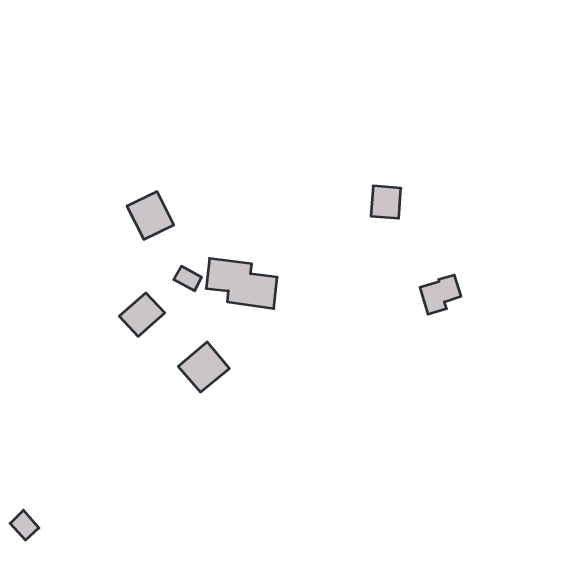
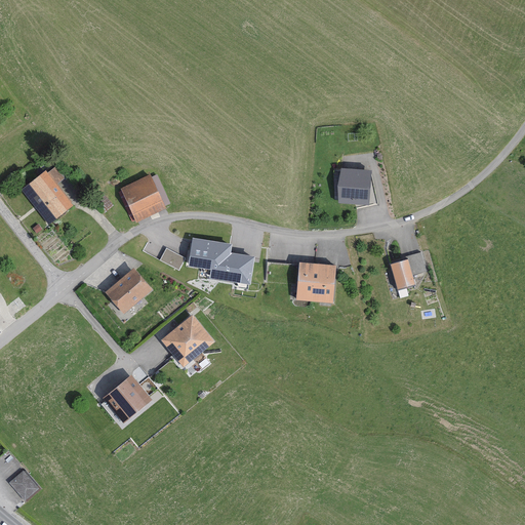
building: none -> [30,173,70,215]
building: none -> [293,264,333,304]
building: none -> [100,374,149,422]

